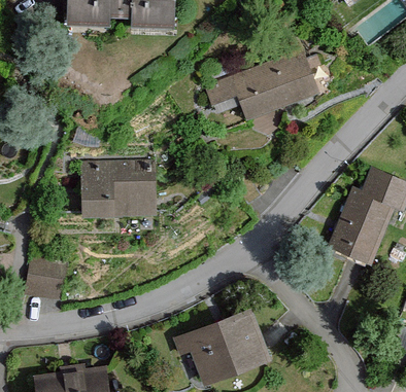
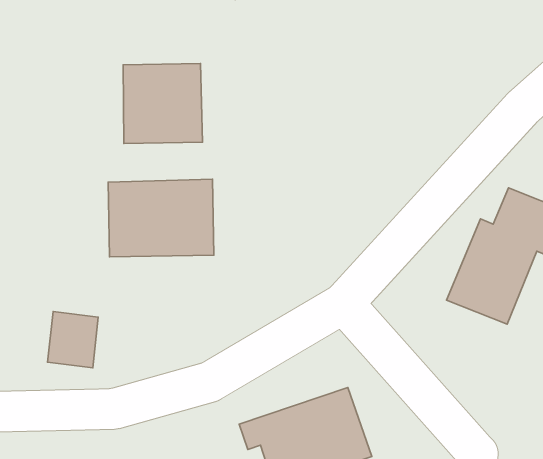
building: [203,48,318,120] -> none
building: none -> [123,64,202,144]

